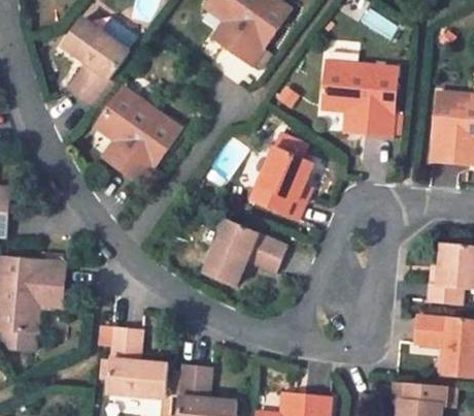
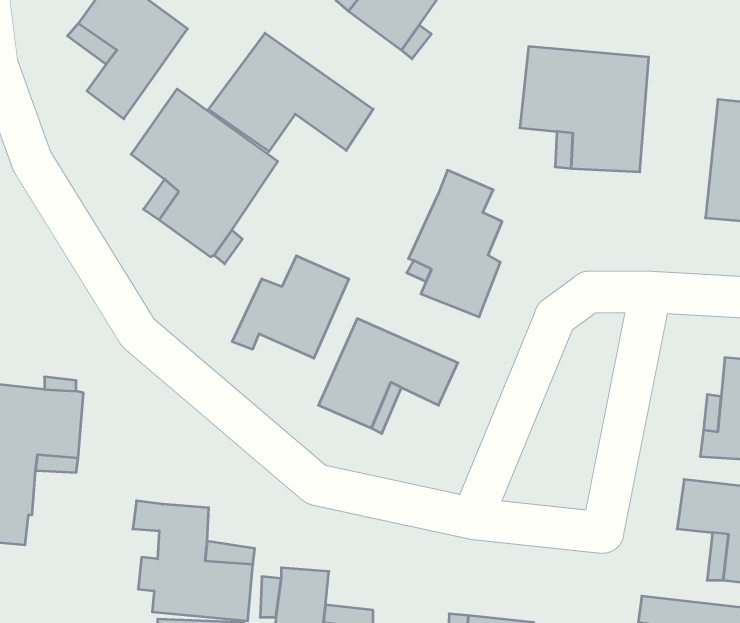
building: none -> [208,33,373,152]
building: none -> [232,256,349,358]

